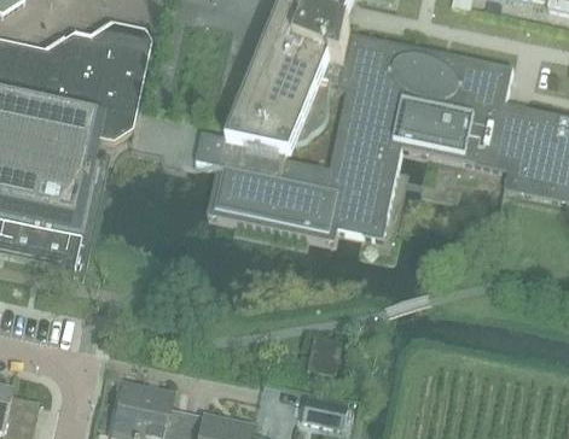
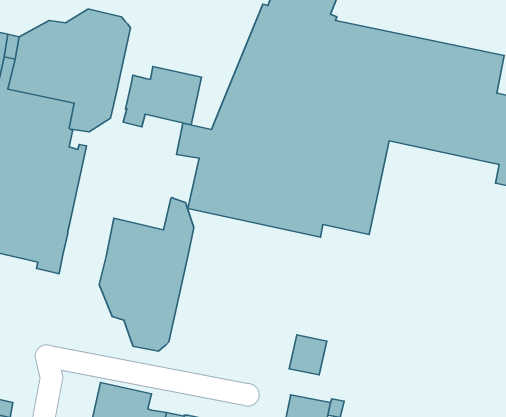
building: none -> [123,66,202,127]
building: none -> [99,198,194,351]

